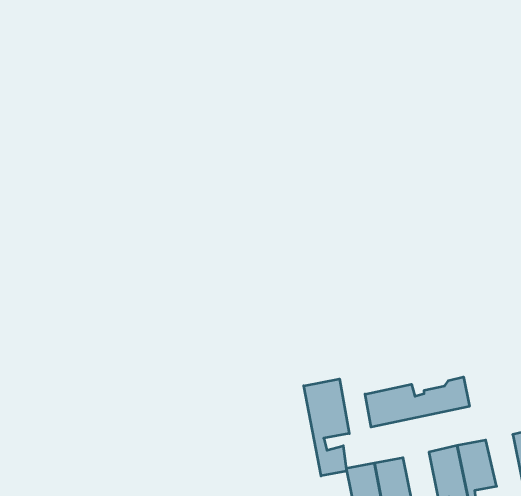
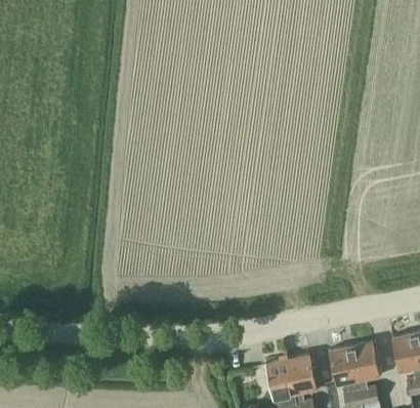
building: [365,377,469,427] -> none
building: [304,379,349,476] -> none

